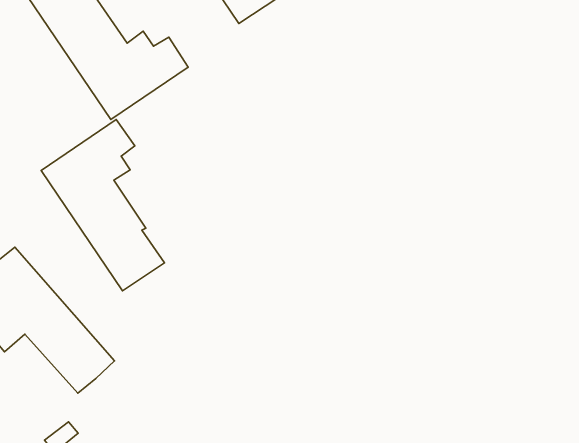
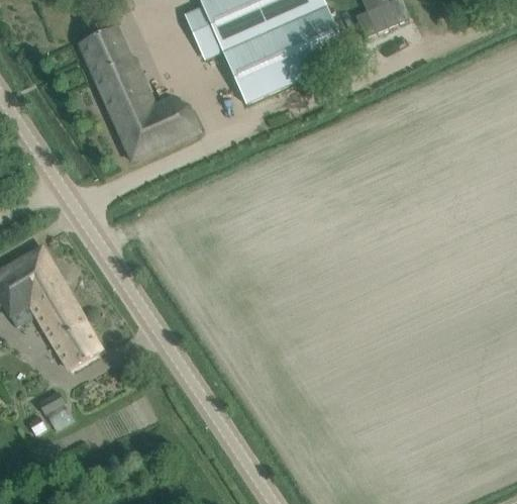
building: [41,120,164,291] -> none

